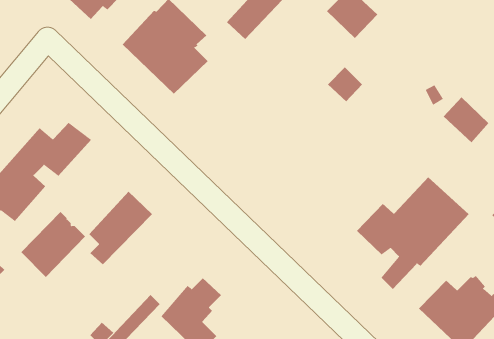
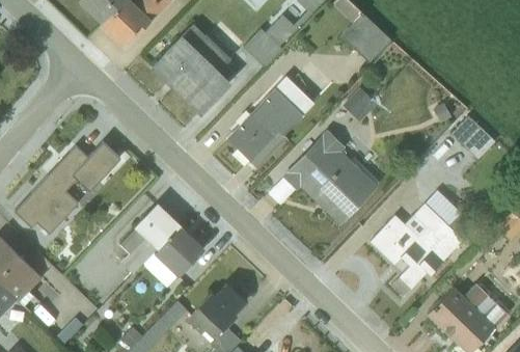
building: none -> [227,76,313,166]
building: none -> [268,129,379,223]
building: [20,211,86,278] -> [142,225,203,288]

